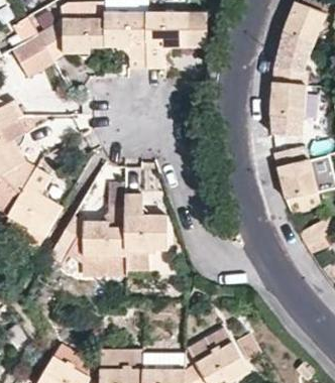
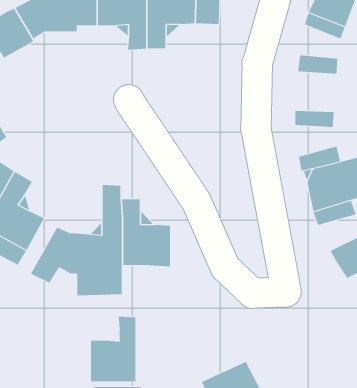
building: [269,86,305,119] -> none
building: none -> [90,316,136,382]

